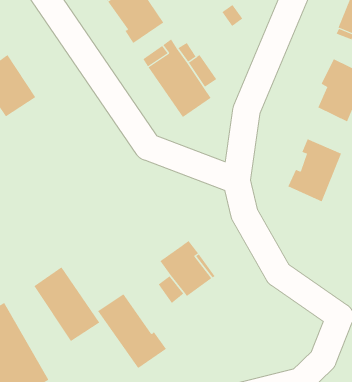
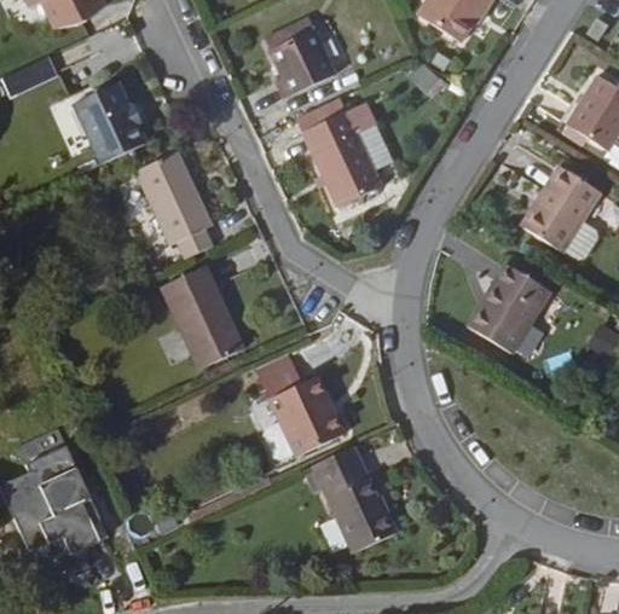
building: none -> [139,157,218,263]
building: none -> [261,354,308,398]
building: [34,266,100,342] -> [164,268,247,372]
building: [97,293,167,369] -> [311,439,397,544]

